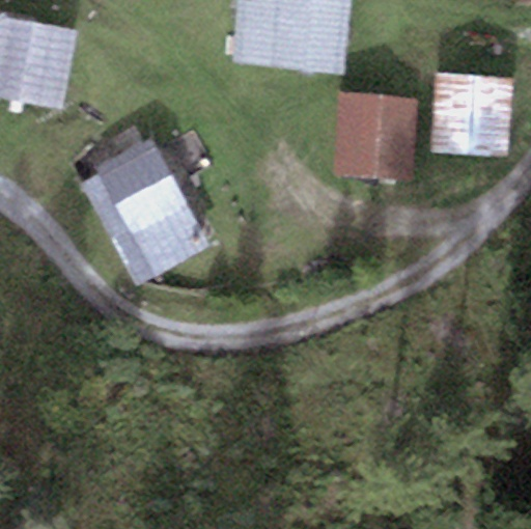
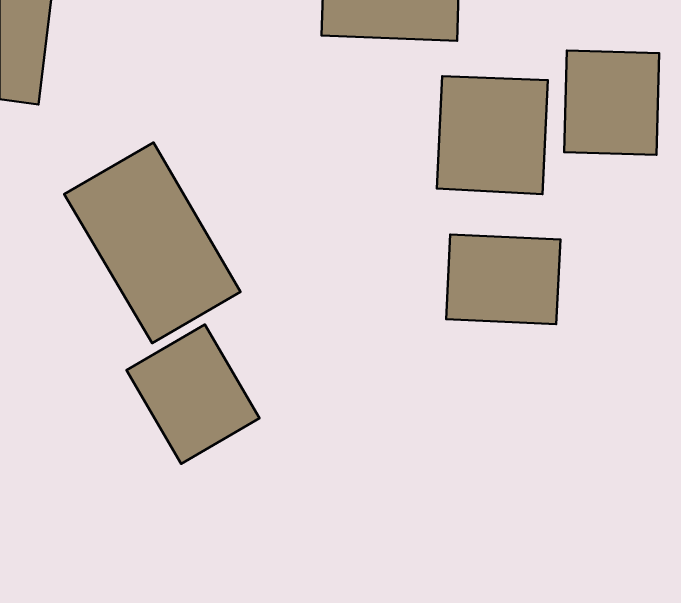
building: none -> [446,234,560,324]
building: none -> [126,325,260,464]

